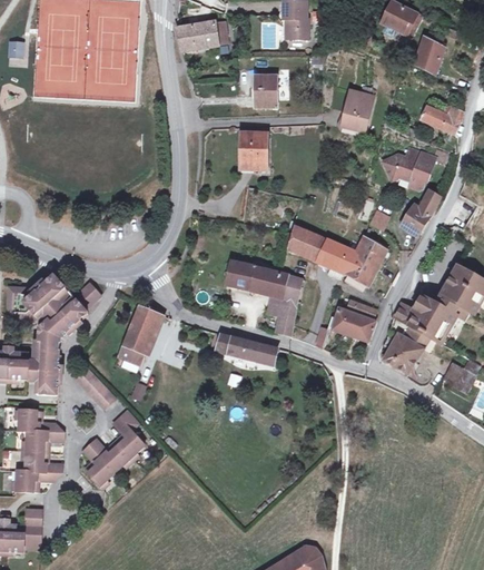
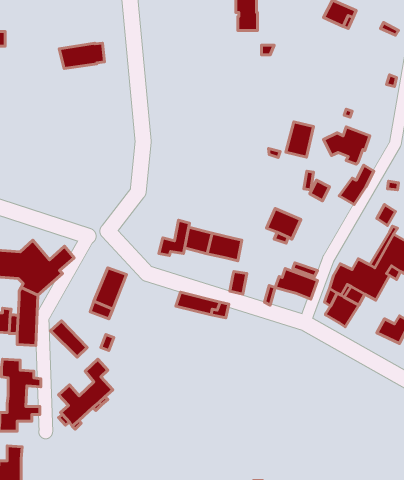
building: [175,21,226,50] -> [59,43,105,69]
building: [414,37,443,75] -> none
building: [254,76,276,107] -> none
building: [340,90,372,130] -> [286,122,313,157]
building: [419,105,462,134] -> none
building: [239,132,267,167] -> none
building: [288,226,327,262] -> none
building: [346,237,385,286] -> none
building: [267,275,302,315] -> [159,220,189,256]

